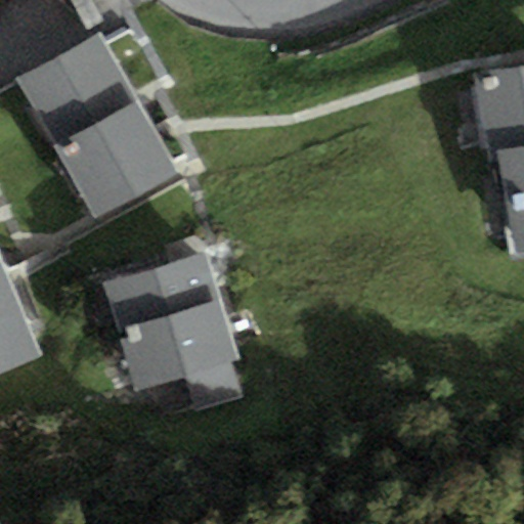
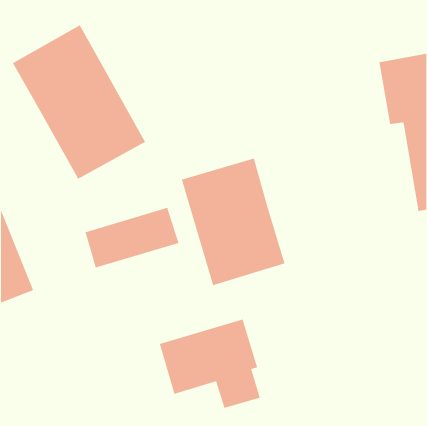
building: none -> [181,157,286,286]
building: [117,298,242,408] -> [159,319,261,409]

